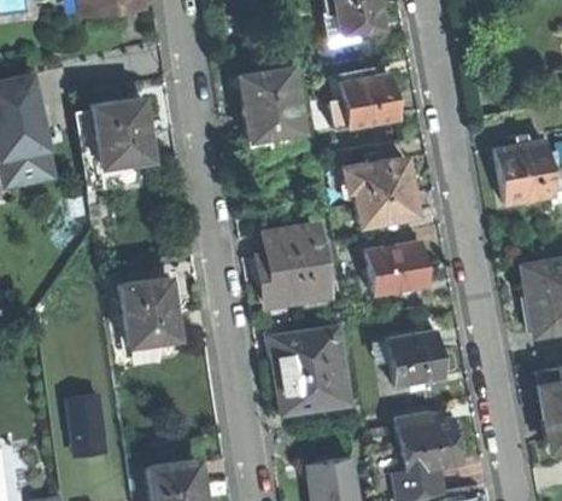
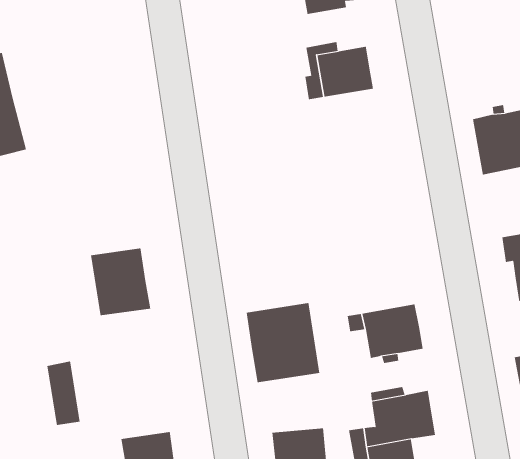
building: [240,68,304,141] -> none
building: [94,99,153,167] -> none
building: [345,157,416,222] -> none
building: [263,228,329,307] -> none
building: [371,243,434,295] -> none

